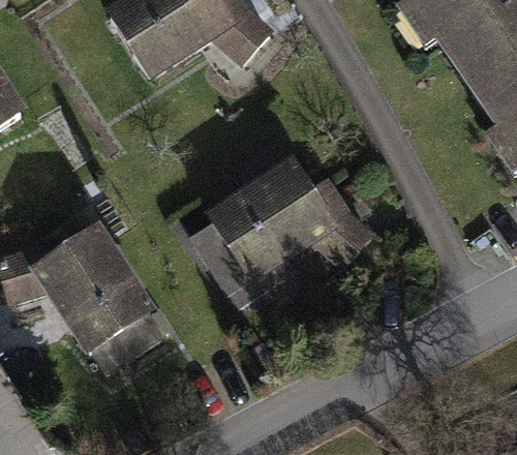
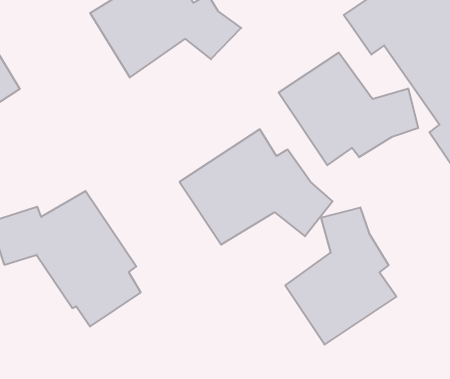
building: none -> [279,53,418,165]
building: none -> [285,207,396,345]

